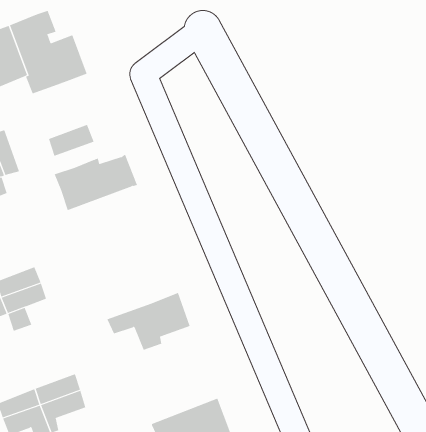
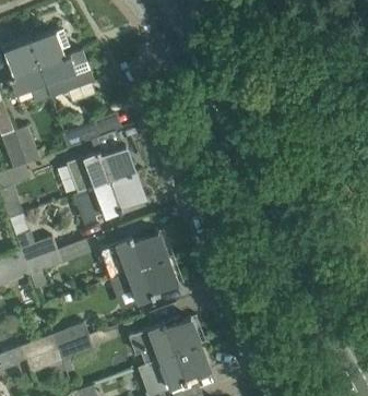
building: none -> [73,171,146,225]
building: none -> [99,233,168,279]
building: none -> [129,317,200,363]

